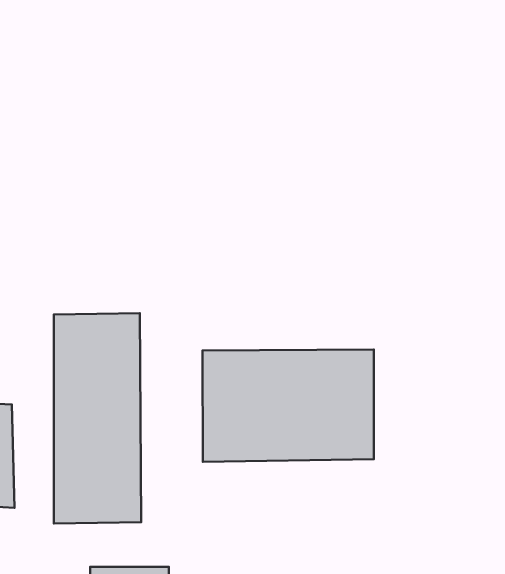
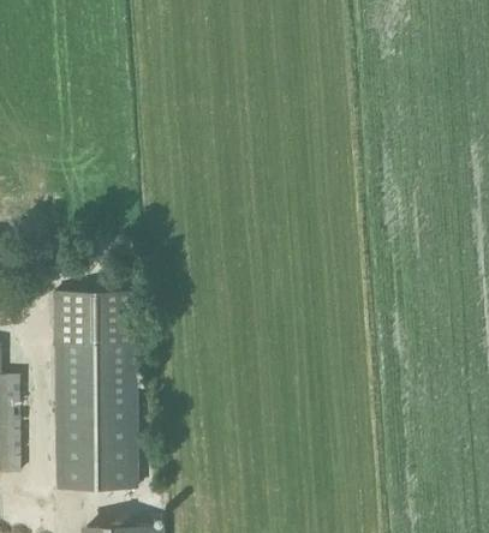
building: [203,349,374,462] -> none

